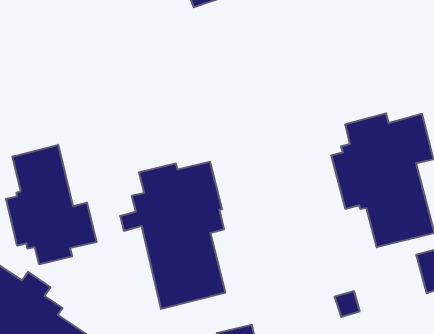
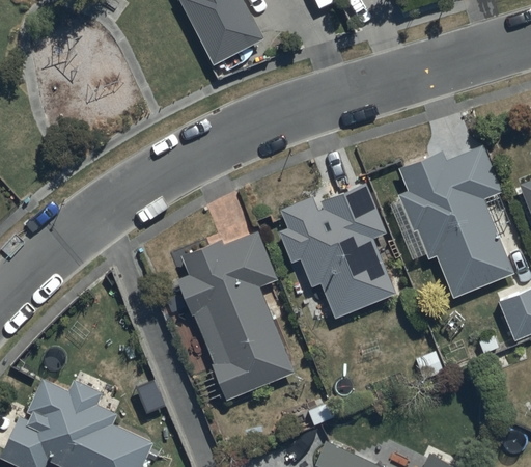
building: none -> [280,182,397,319]
building: [6,145,97,264] -> none

